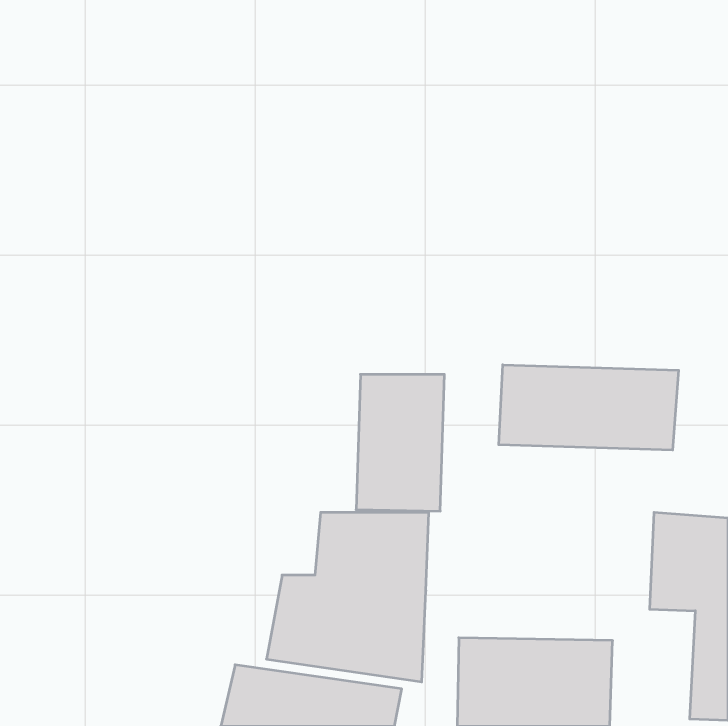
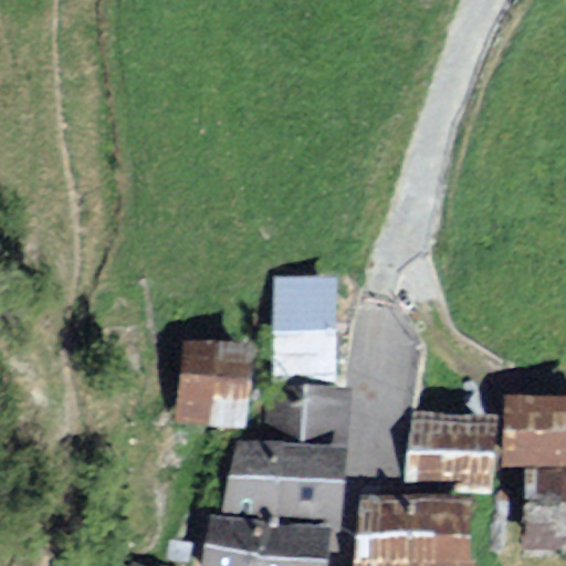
building: [499,365,679,450] -> none
building: none -> [171,344,252,430]
building: none -> [407,408,499,491]

